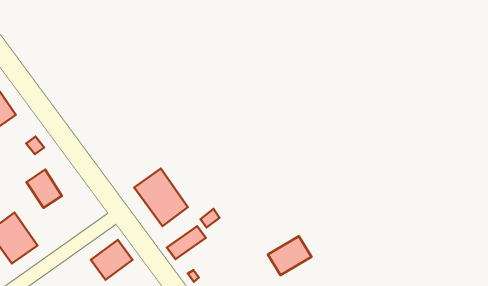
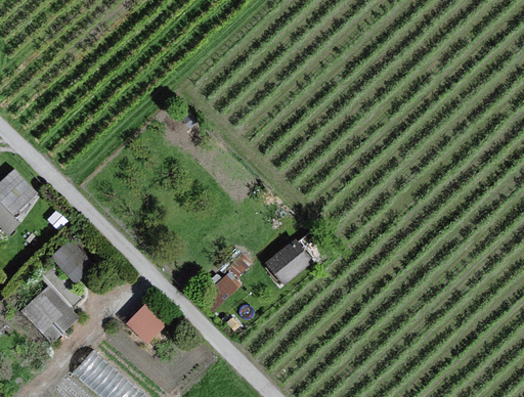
building: [134,169,188,226] -> none
building: [268,236,311,275] -> [266,241,309,282]

